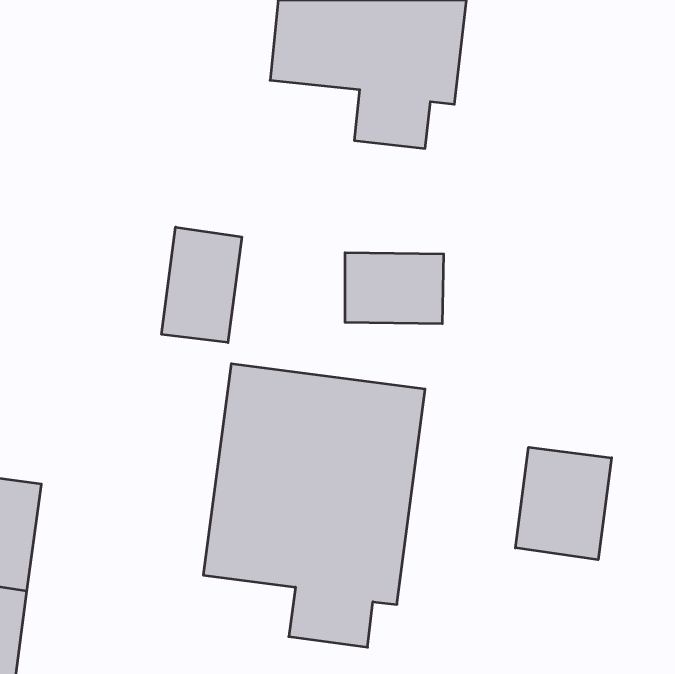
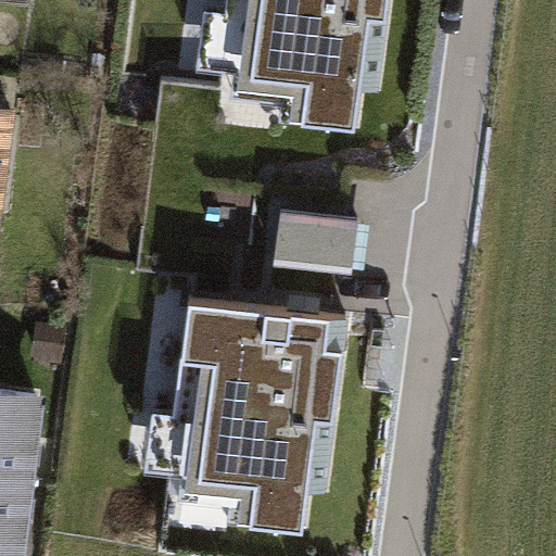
building: [162,227,242,343] -> none
building: [515,447,612,560] -> none

